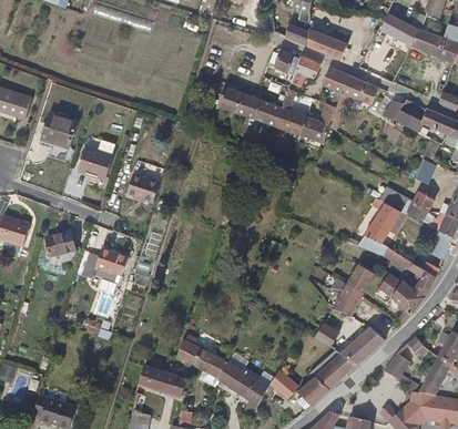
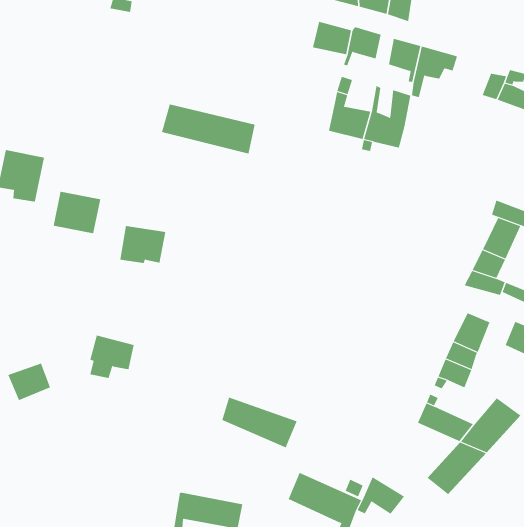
building: [217,86,283,127] -> [161,104,255,154]
building: [48,231,77,255] -> [7,363,51,401]
building: [176,338,228,378] -> [222,397,297,448]
building: [298,375,329,404] -> none

